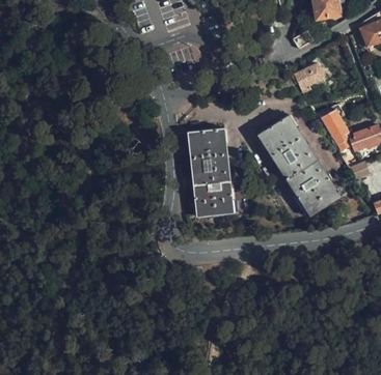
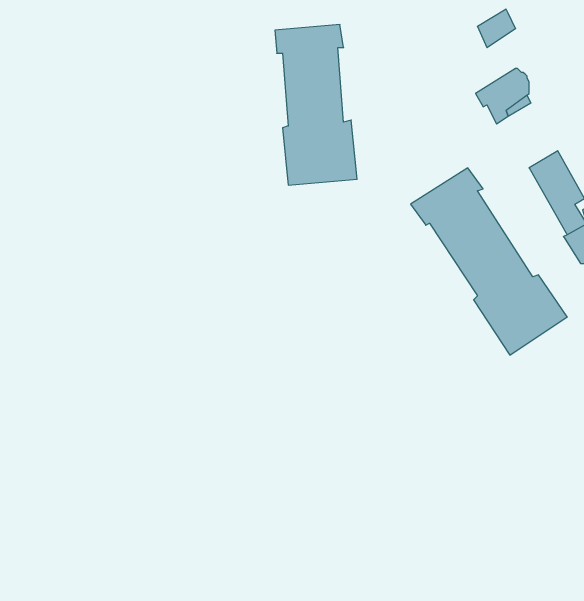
building: [188,128,233,215] -> [275,25,357,185]

